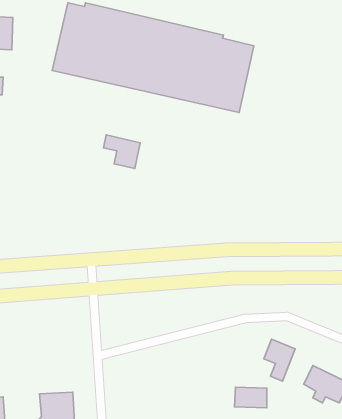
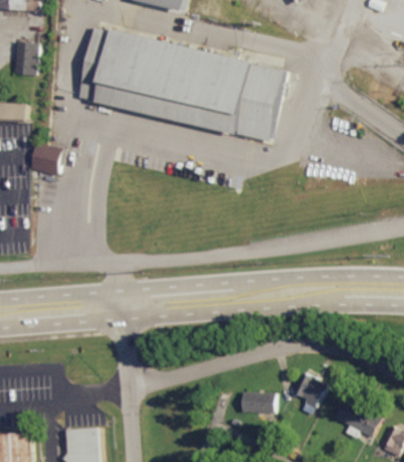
building: none -> [31,144,62,176]
building: [104,135,140,168] -> none
building: [235,387,267,408] -> [241,393,274,414]

